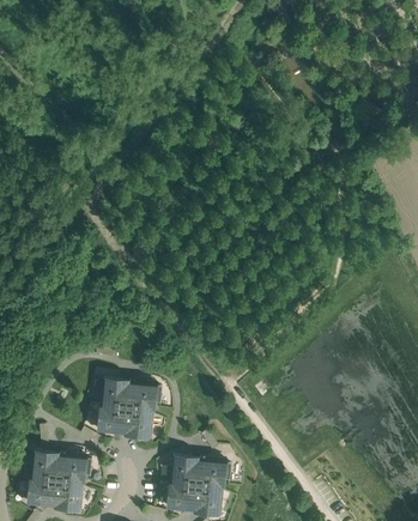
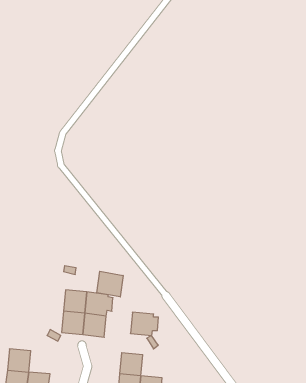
building: none -> [97,271,123,297]
building: [56,454,91,483] -> none
building: [195,459,230,487] -> [130,312,158,335]

